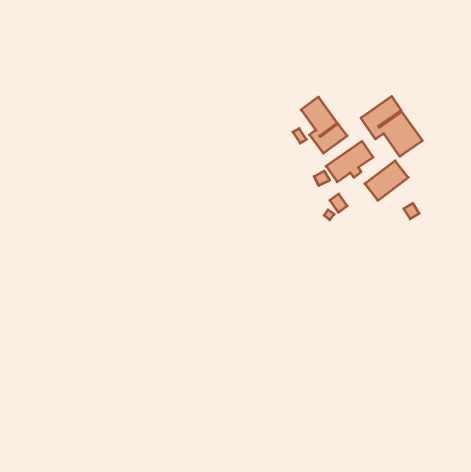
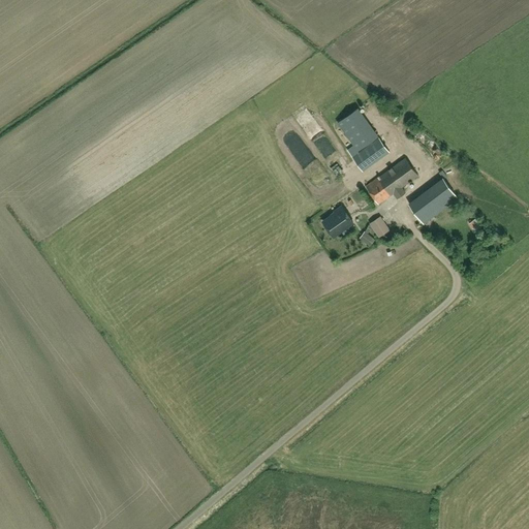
building: [361,96,422,156] -> none
building: none -> [322,207,351,236]

